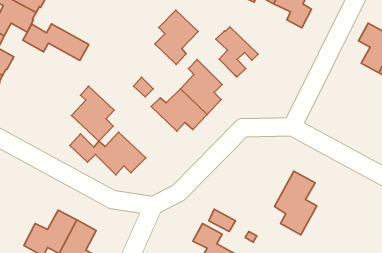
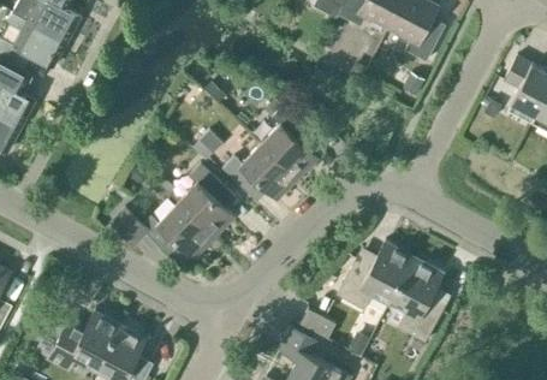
building: [155,10,198,64] -> none
building: [23,24,89,61] -> none
building: [216,27,258,77] -> none
building: [72,86,114,141] -> [177,164,234,238]
building: none -> [337,241,415,309]

